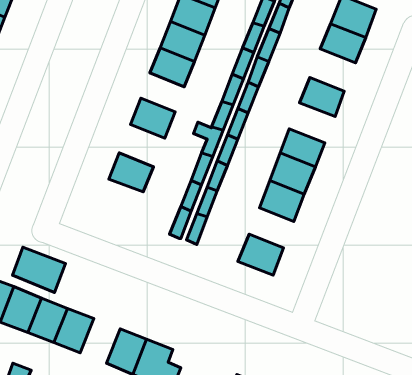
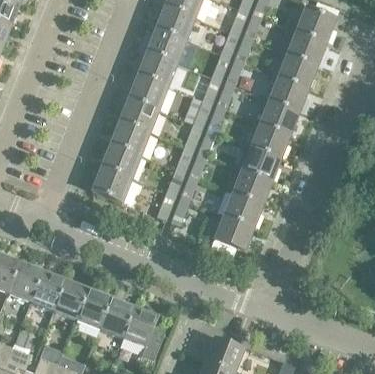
building: none -> [278,53,318,90]
building: none -> [130,74,168,108]
building: none -> [260,100,300,135]
building: none -> [111,119,151,156]
building: none -> [93,167,132,203]
building: none -> [225,192,264,227]
building: [13,247,66,292] -> none
building: none -> [77,289,112,328]

